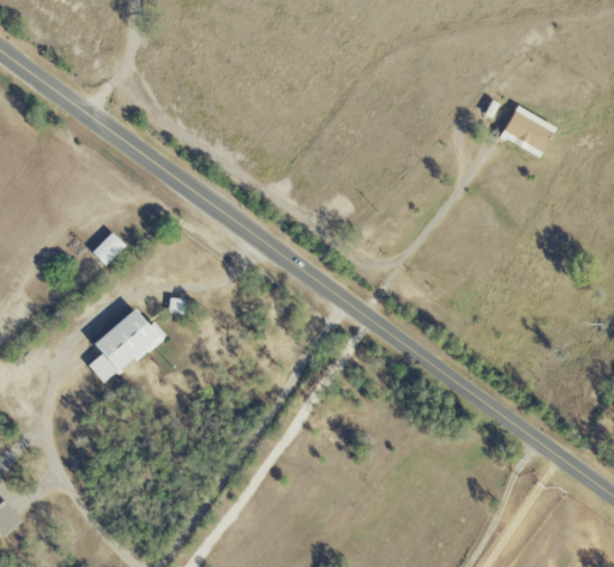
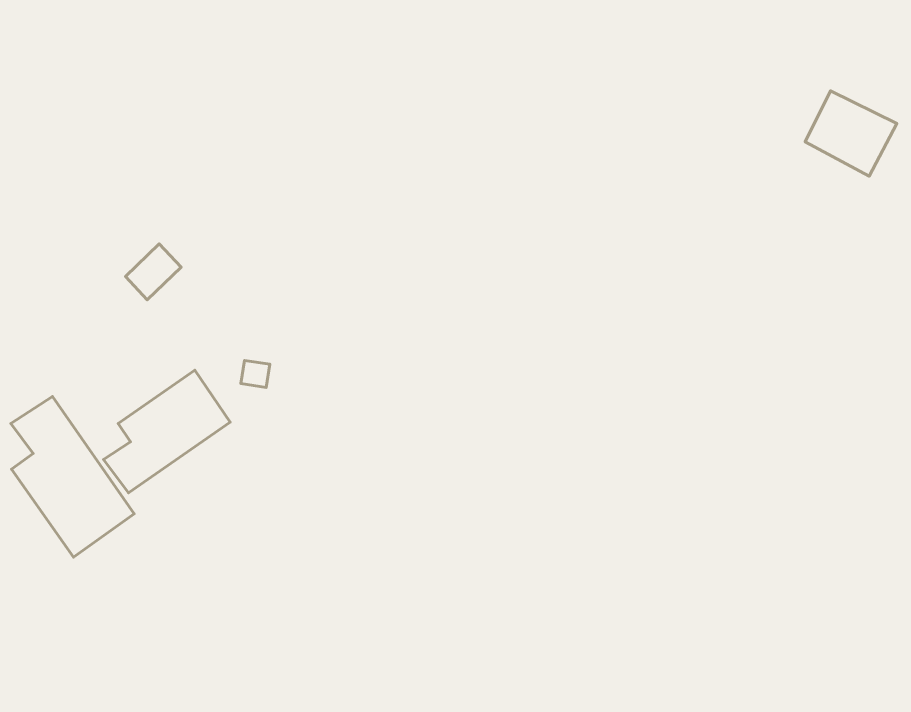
building: none -> [11,397,134,557]

